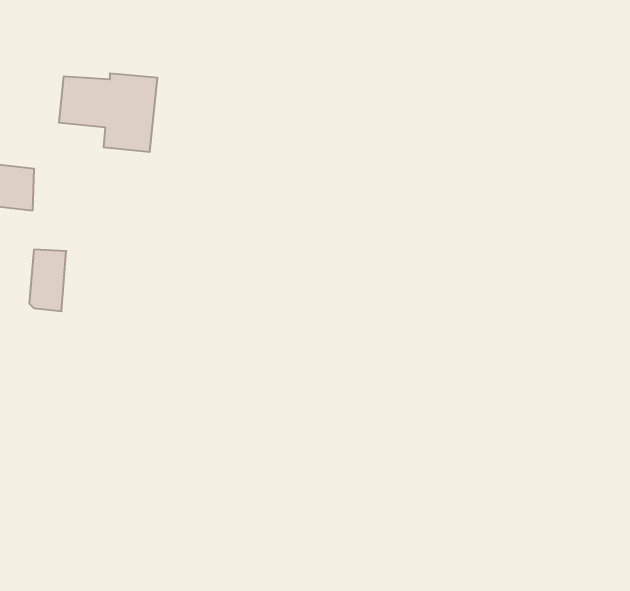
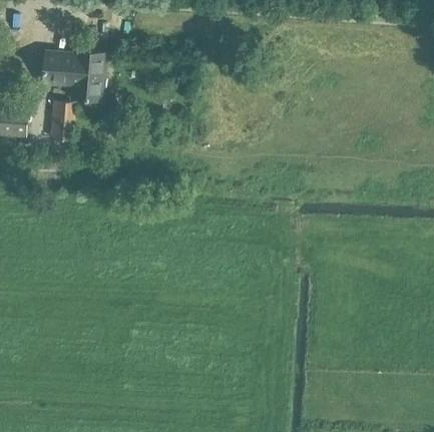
building: [29,250,66,311] -> [50,100,74,140]

